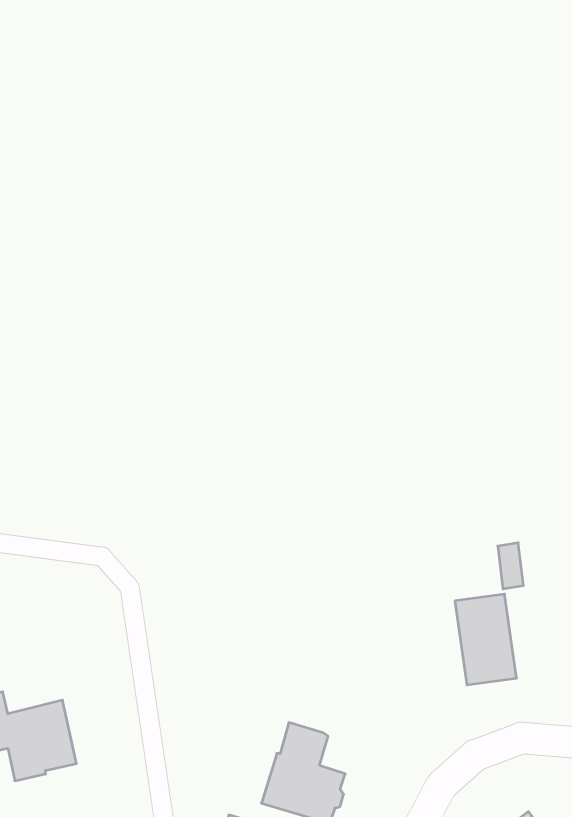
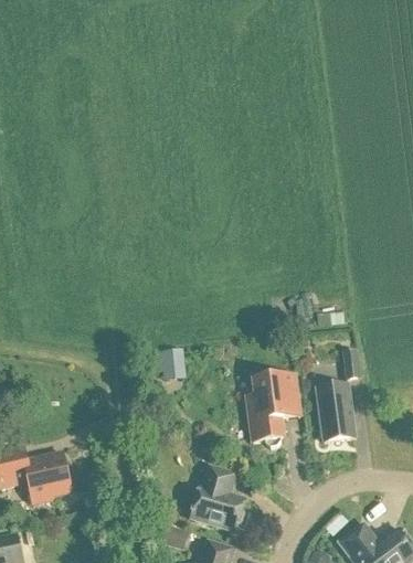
building: none -> [153,350,186,381]
building: none -> [246,374,300,447]

